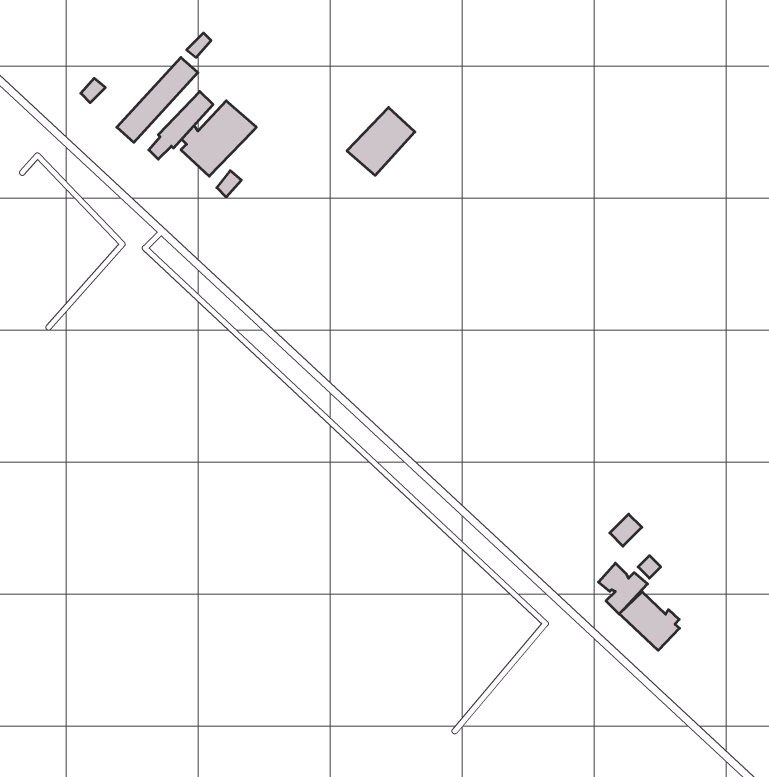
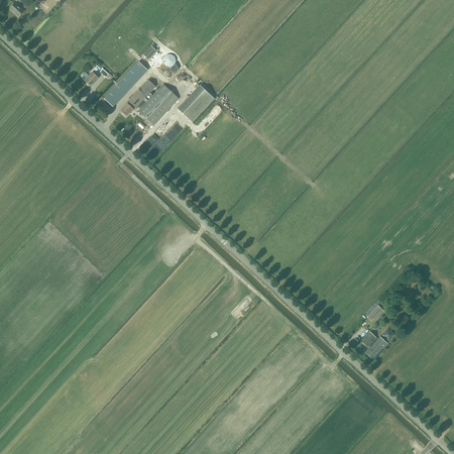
building: [347,107,415,175] -> [178,85,214,121]
building: [619,592,680,650] -> none

